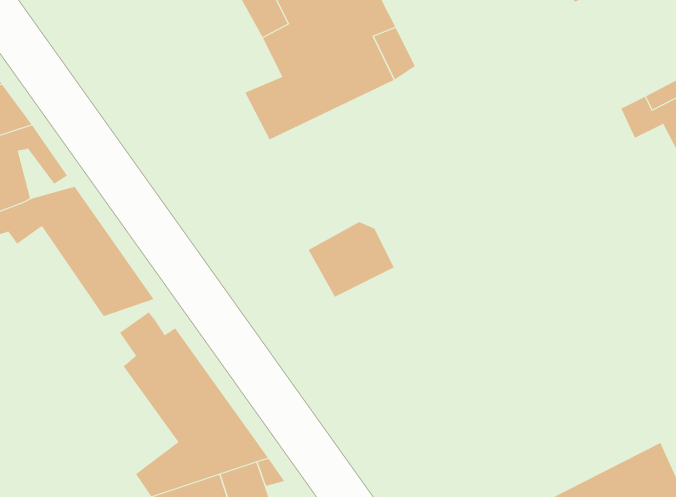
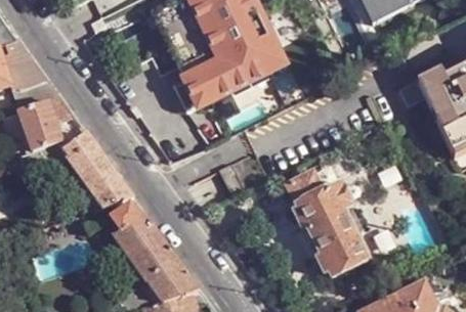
building: none -> [287,173,368,276]

